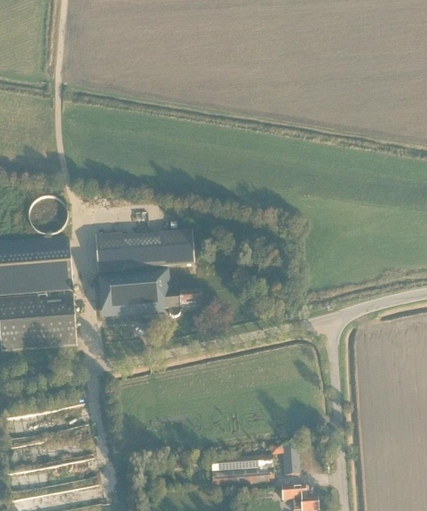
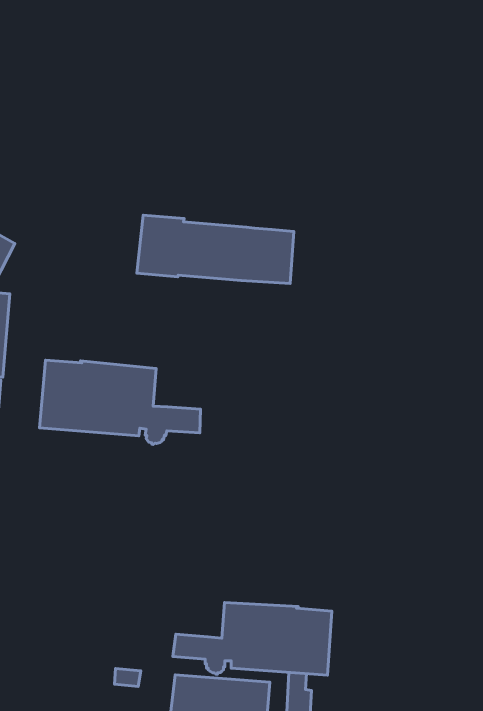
building: [95,231,194,273] -> [137,215,294,284]
building: none -> [173,602,332,675]

